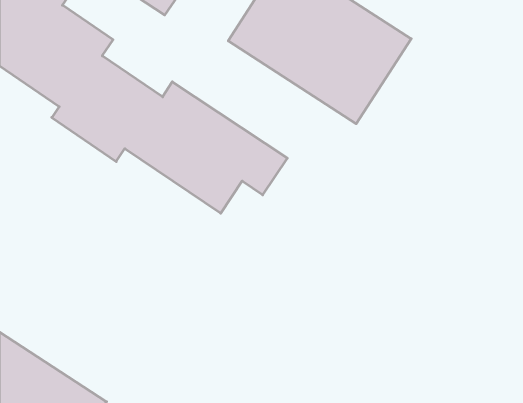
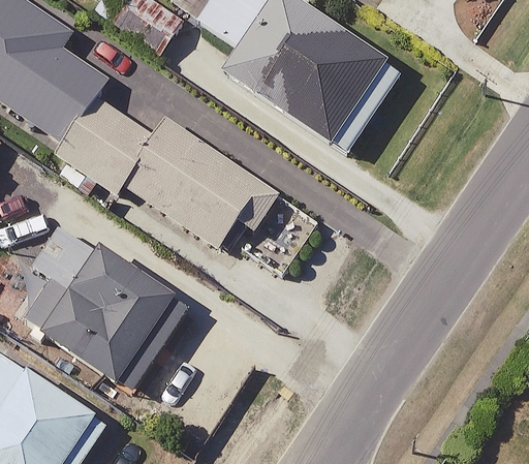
building: none -> [22,238,185,394]

